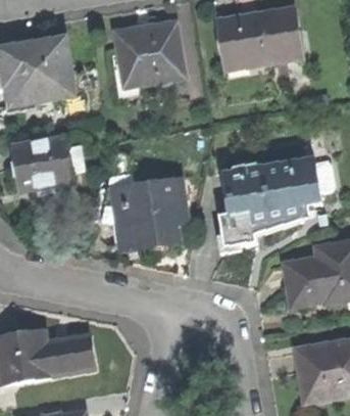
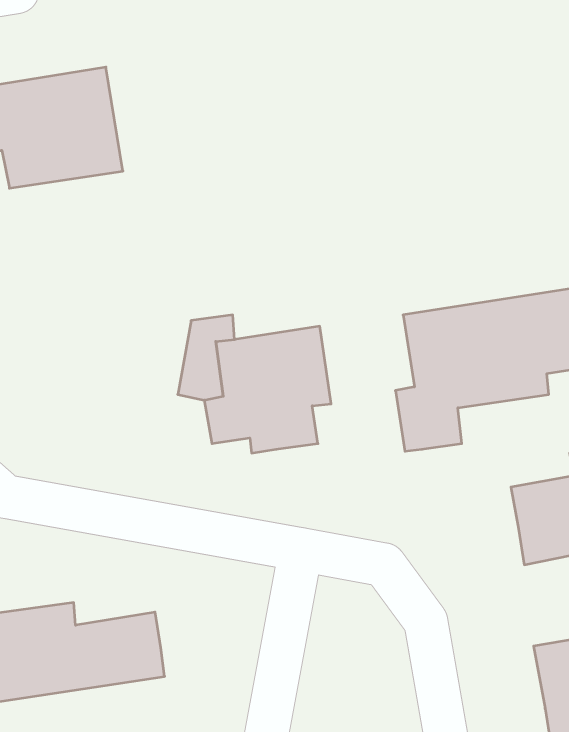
building: [217,10,301,66] -> none
building: [114,22,184,87] -> none
building: [12,138,71,190] -> none

